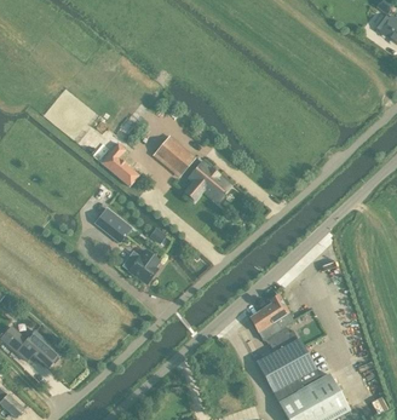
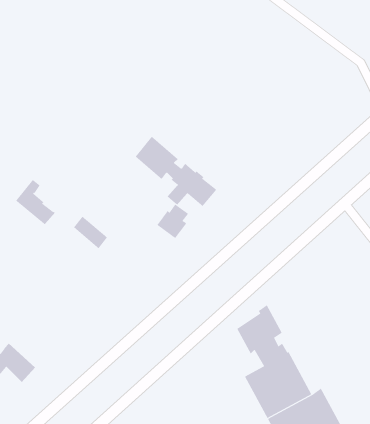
building: [99,142,138,185] -> [15,179,56,225]
building: [127,249,159,282] -> [156,204,190,239]

